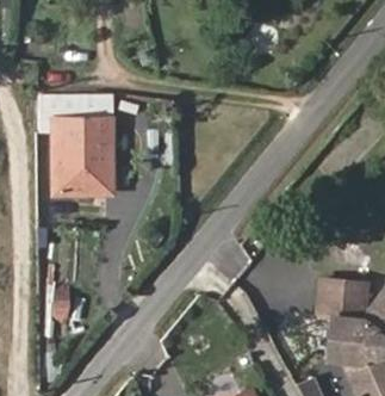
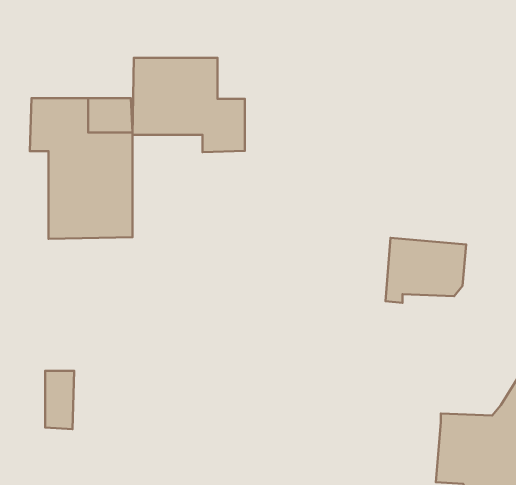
building: none -> [133,58,245,152]
building: [315,277,371,322] -> [385,238,466,303]

